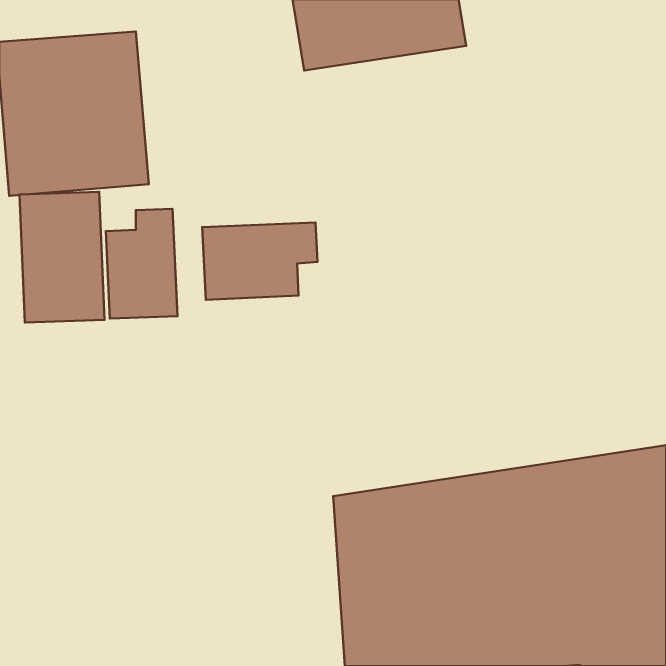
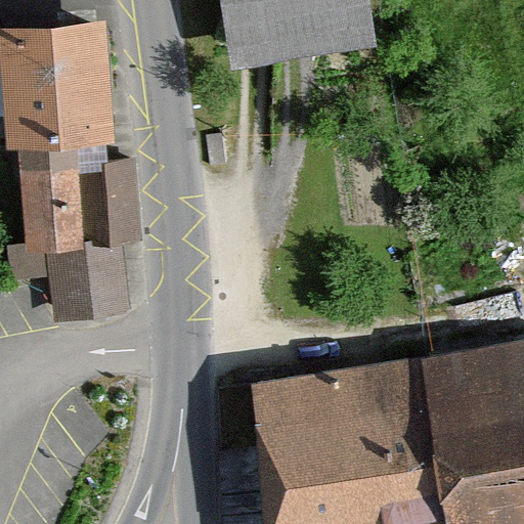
building: [202,223,318,300] -> none
building: none -> [43,251,129,325]

